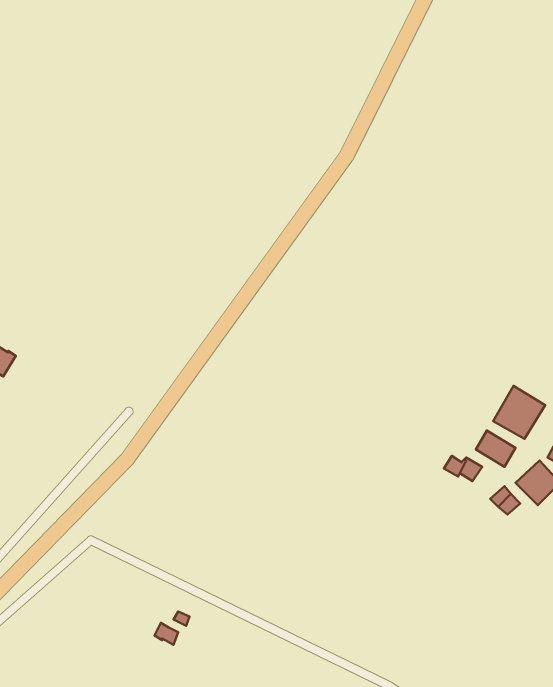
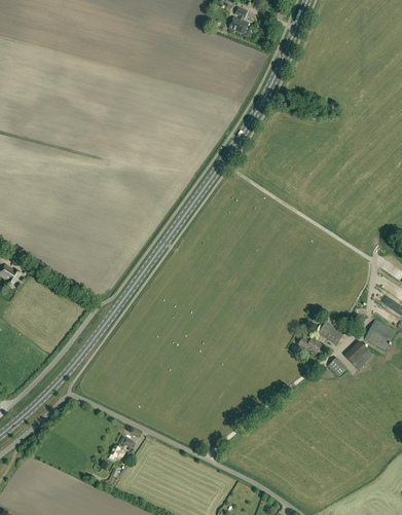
building: [493,386,545,439] -> none

